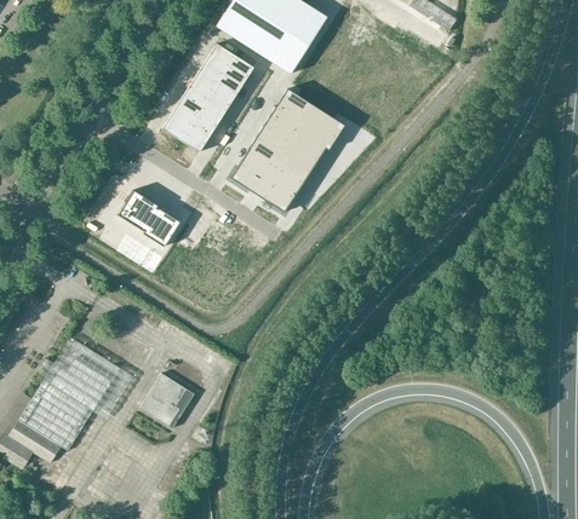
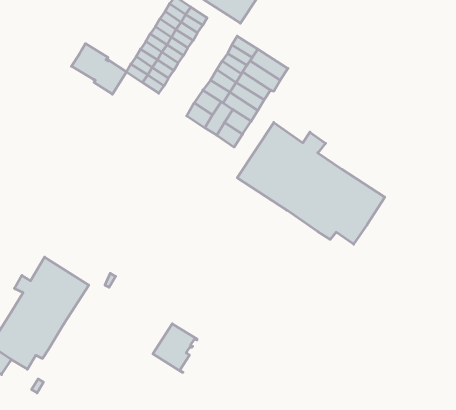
building: none -> [237,122,385,244]
building: [118,190,179,247] -> [71,44,126,94]
building: [139,373,189,427] -> [153,324,197,372]

